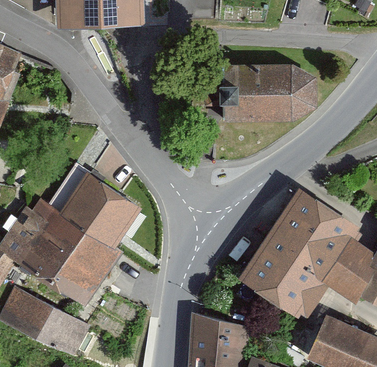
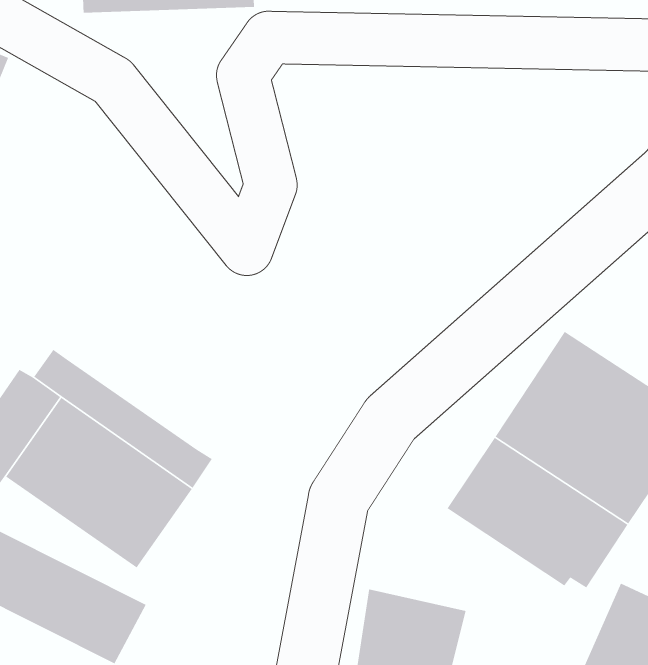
building: [222,64,316,122] -> none
building: [49,162,141,246] -> none

